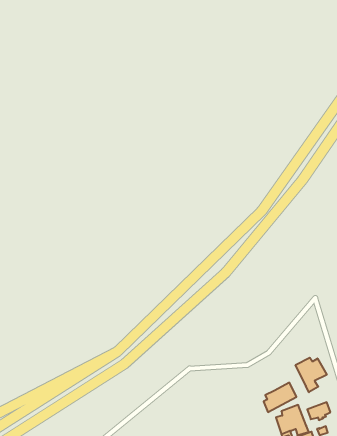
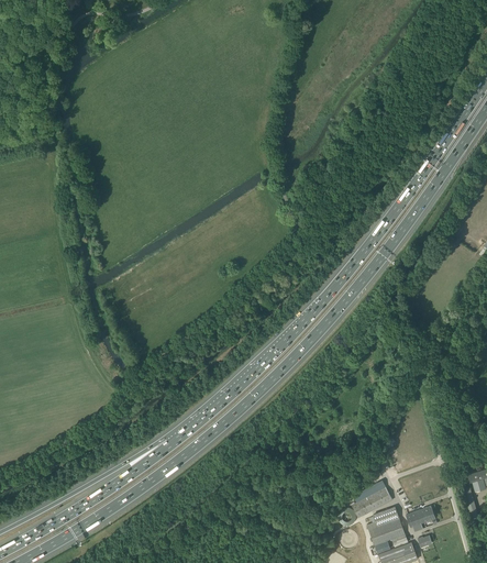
building: [296,358,327,392] -> none

